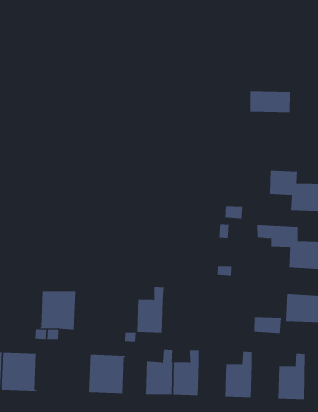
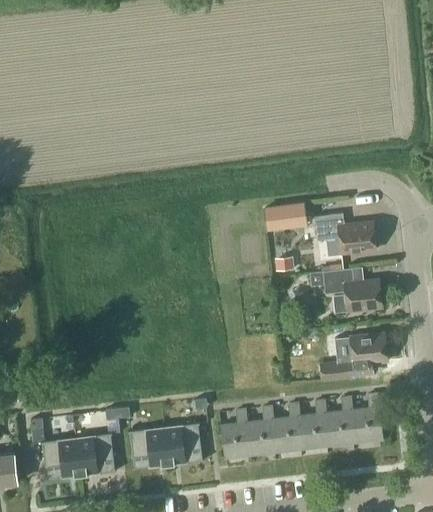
building: [249,91,291,113] -> [263,204,307,230]
building: [136,286,165,333] -> [273,403,303,452]
building: [39,291,76,330] -> [127,427,167,470]
building: none -> [326,397,356,446]

